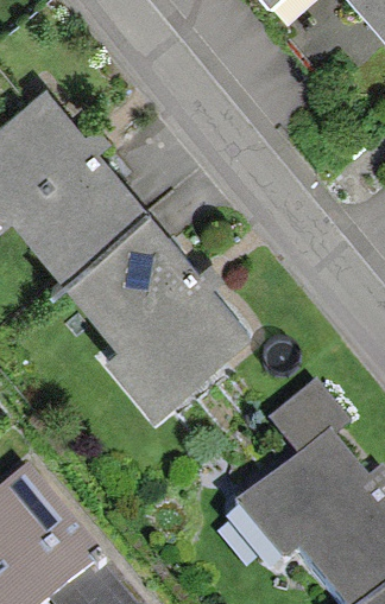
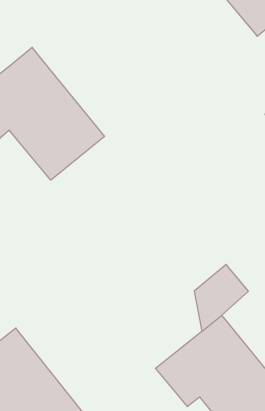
building: [81,209,253,402] -> none

